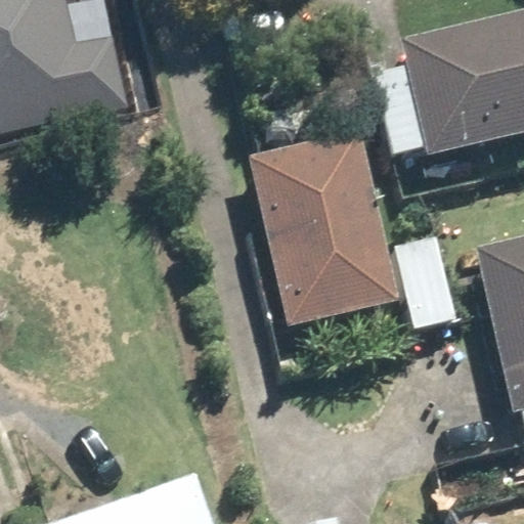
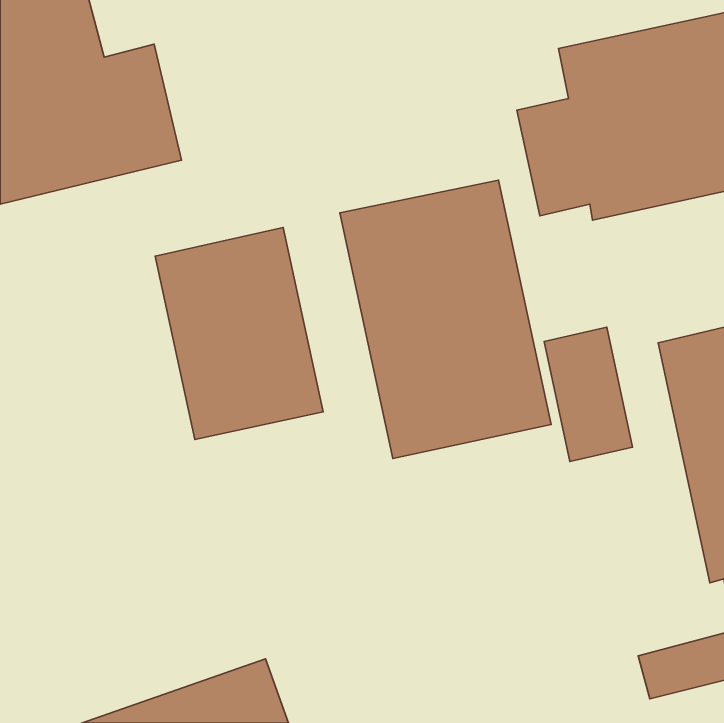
building: none -> [155,228,323,440]

